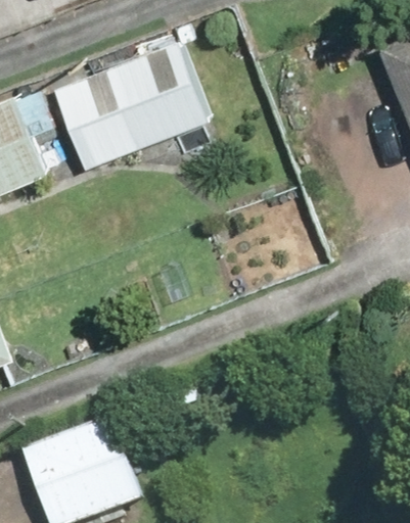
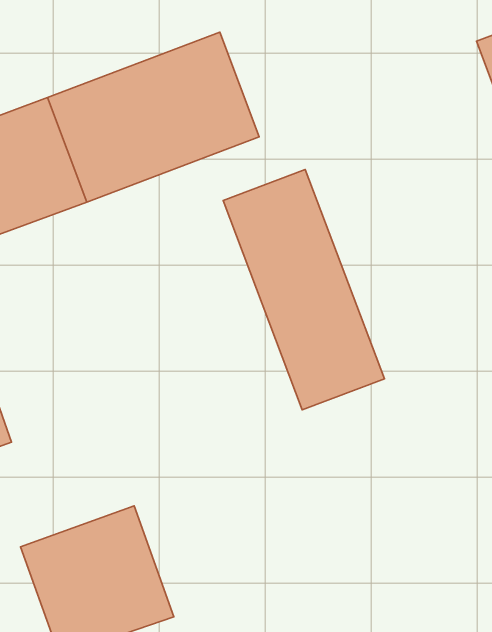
building: none -> [223,170,384,410]

